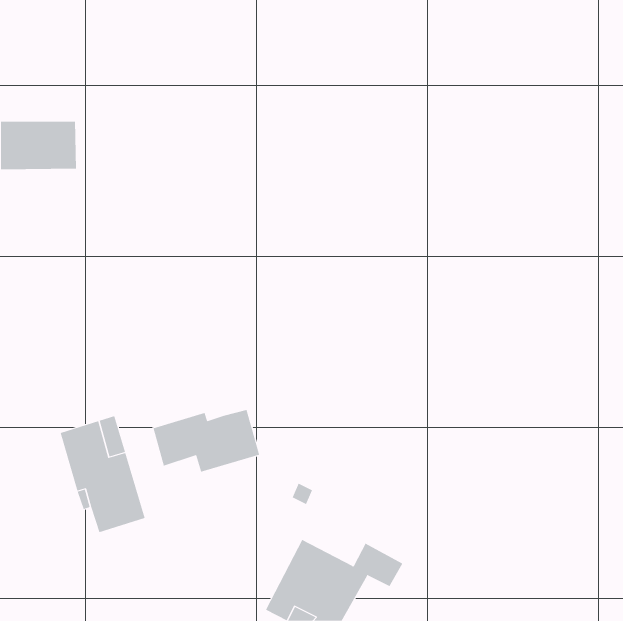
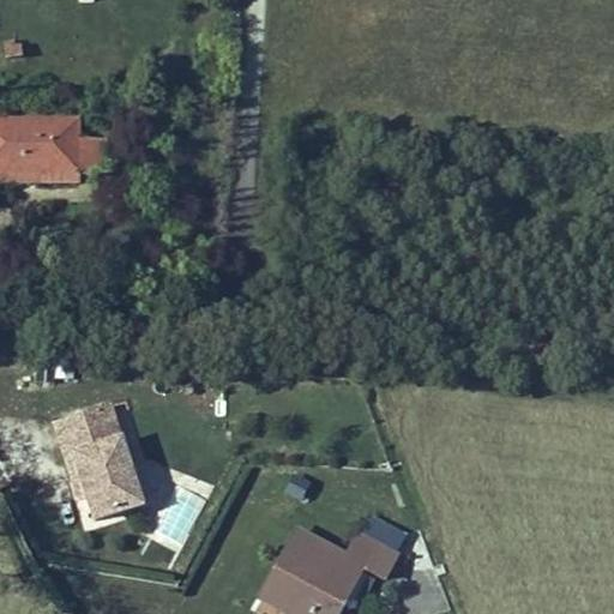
building: [153,409,260,473] -> none

